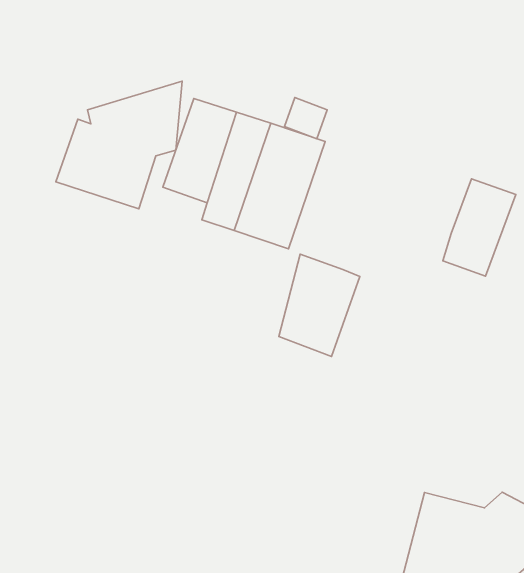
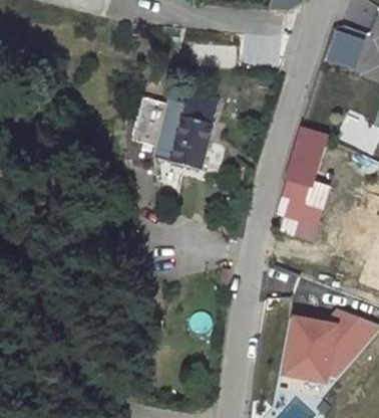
building: [56,81,182,209] -> none
building: [279,254,360,357] -> [283,179,325,235]

